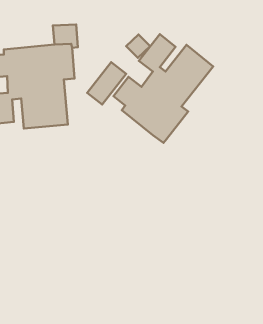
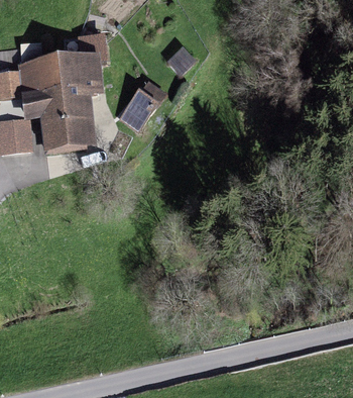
building: [113,34,213,143] -> none

